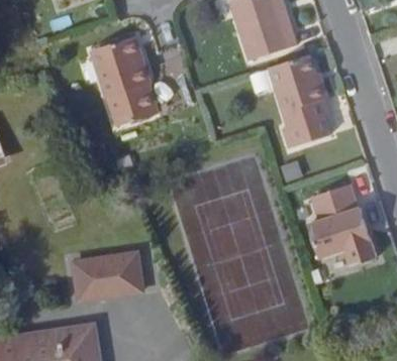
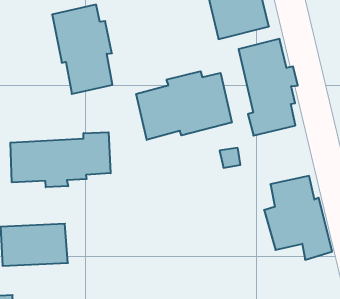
building: none -> [136,71,232,140]
building: none -> [10,132,111,187]

